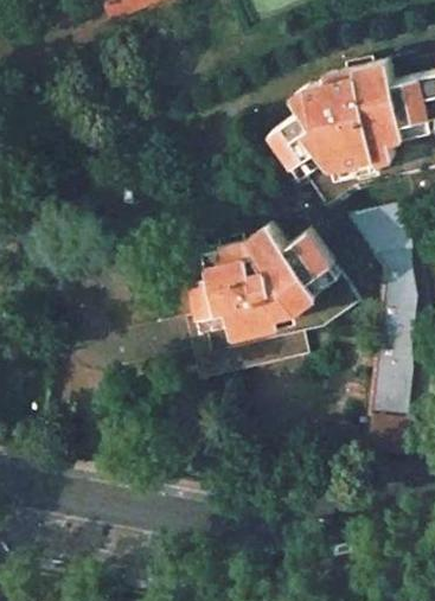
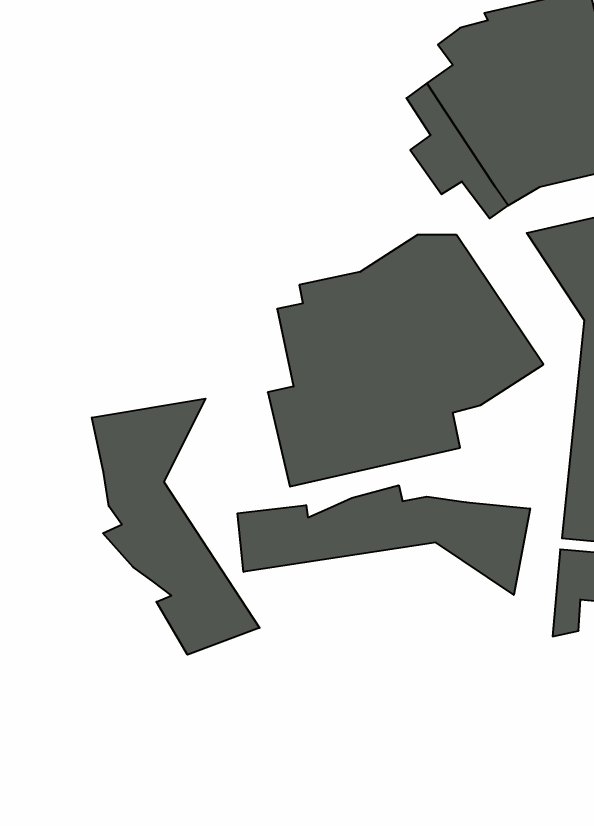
building: none -> [92,399,260,655]
building: none -> [238,485,530,595]

